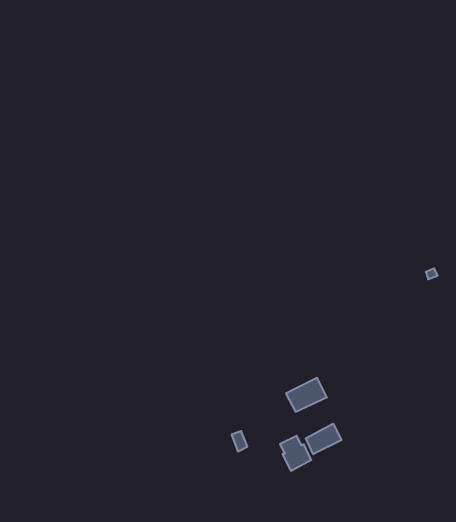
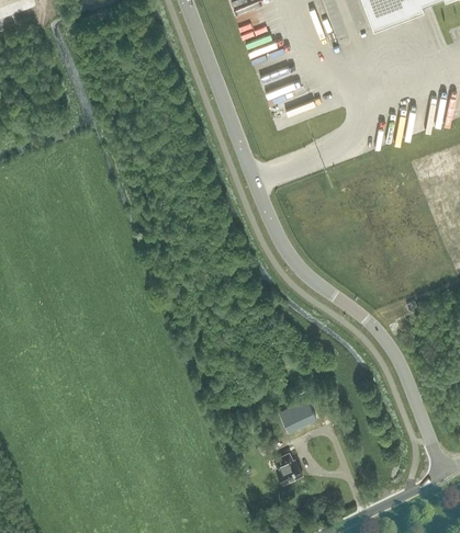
building: [306,424,341,454] -> none

